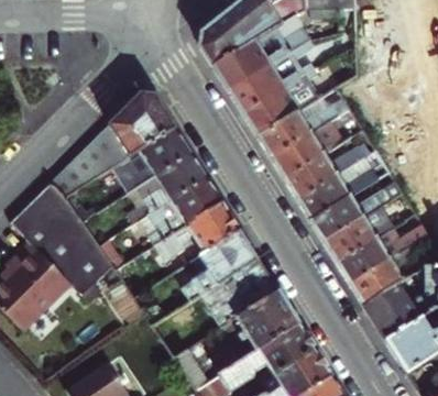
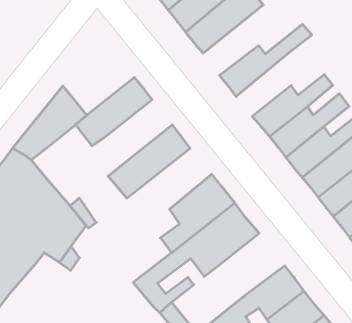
building: [245,71,342,134] -> none
building: [108,90,177,157] -> none
building: [272,118,344,177] -> none
building: [140,150,208,209] -> none
building: [156,200,240,256] -> none
building: [238,289,299,348] -> none

